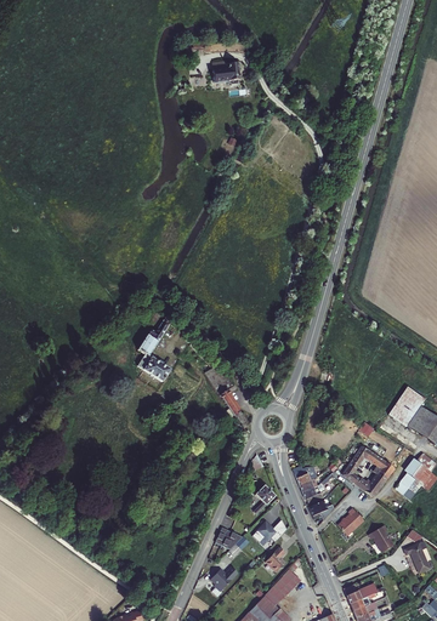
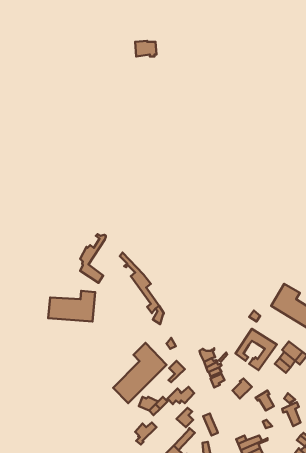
building: none -> [48,291,95,321]
building: none -> [113,343,167,403]

